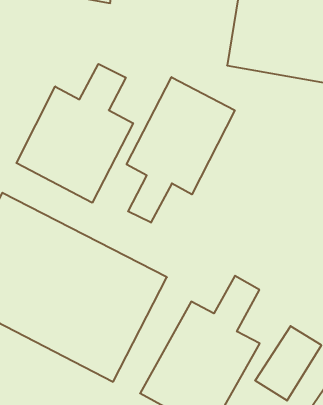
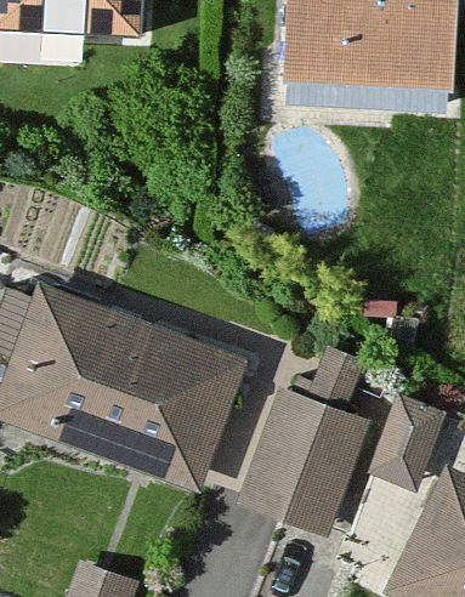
building: [16,64,133,203] -> none
building: [127,77,235,223] -> none

